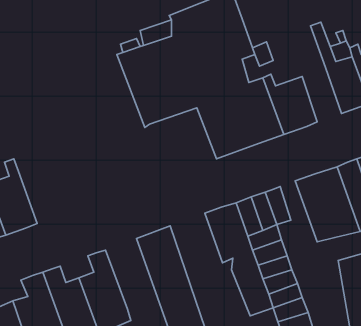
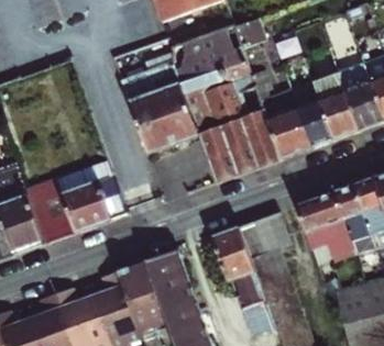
building: none -> [296,92,338,148]
building: none -> [31,175,133,245]
building: none -> [113,259,163,326]

